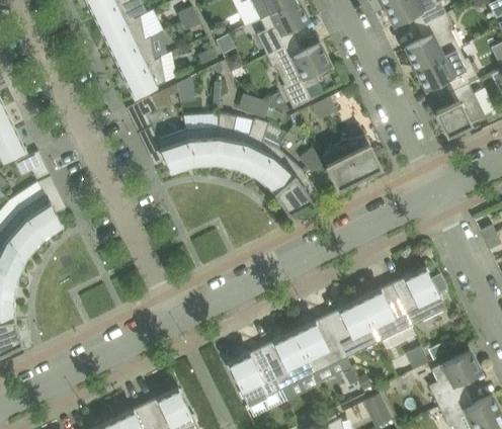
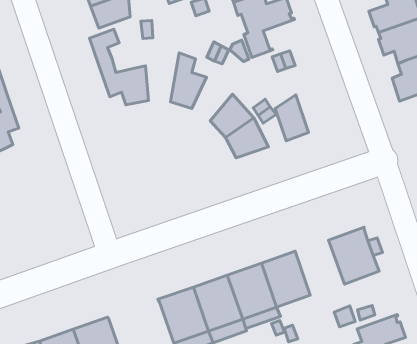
building: [238,118,277,177] -> none
building: [186,127,218,164] -> none
building: [341,136,381,177] -> none
building: [359,283,413,341] -> none

